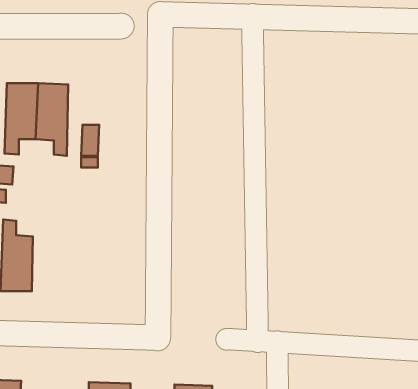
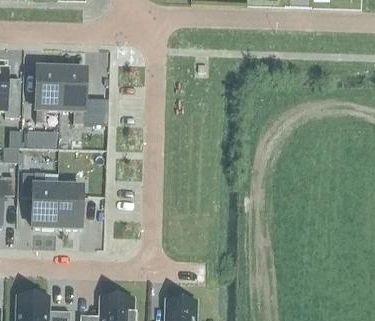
building: none -> [56,184,81,227]

